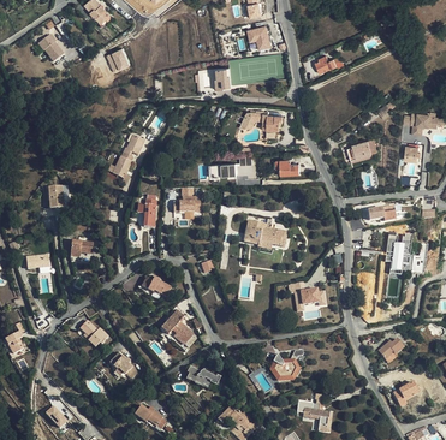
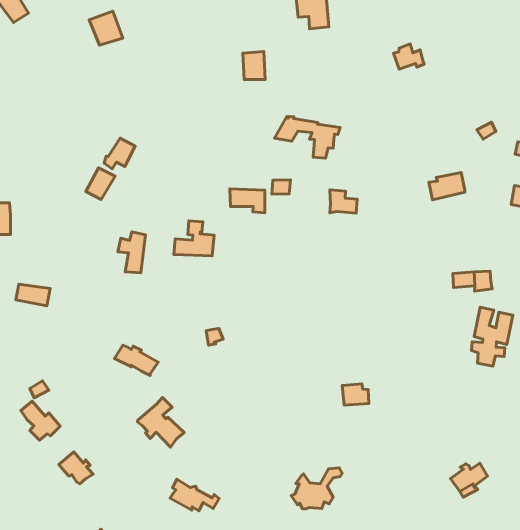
building: [244,220,285,249] -> none

